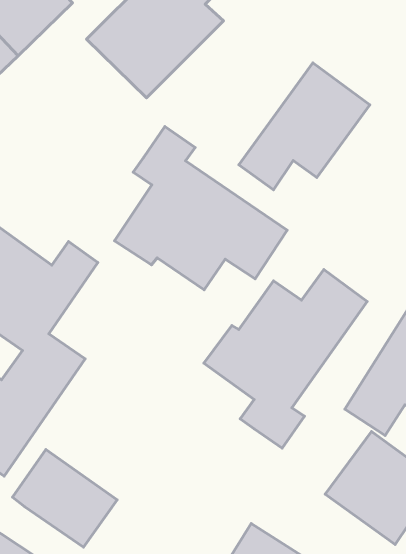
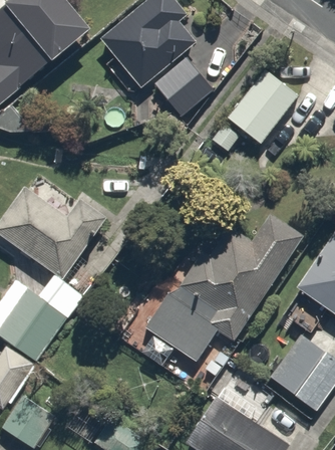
building: none -> [154,55,215,116]
building: [114,127,287,290] -> none
building: [12,450,117,547] -> [142,292,218,363]

